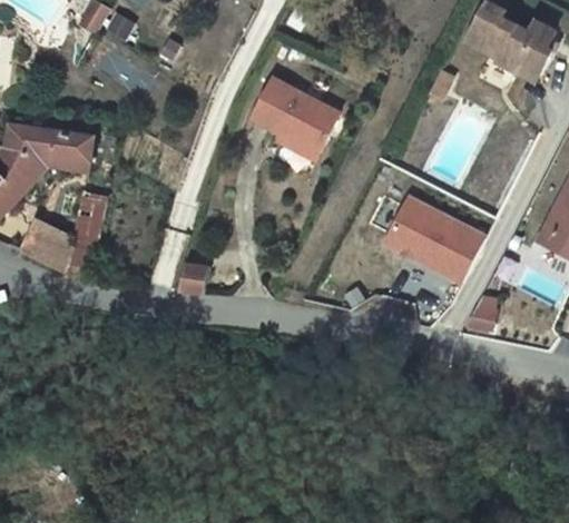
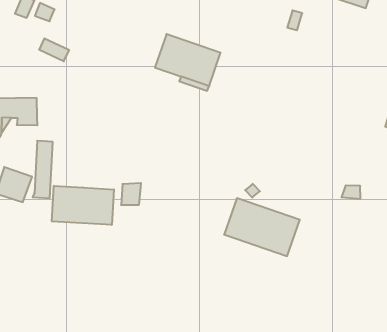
building: [384,197,485,282] -> [224,198,300,256]
building: none -> [52,186,114,225]

